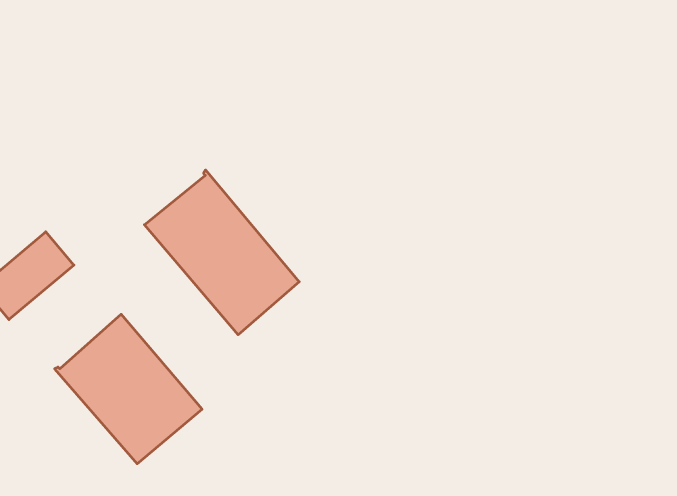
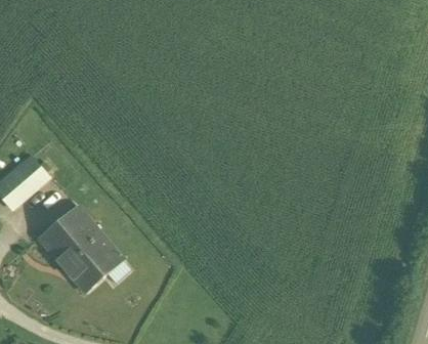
building: [144,170,299,335] -> none

